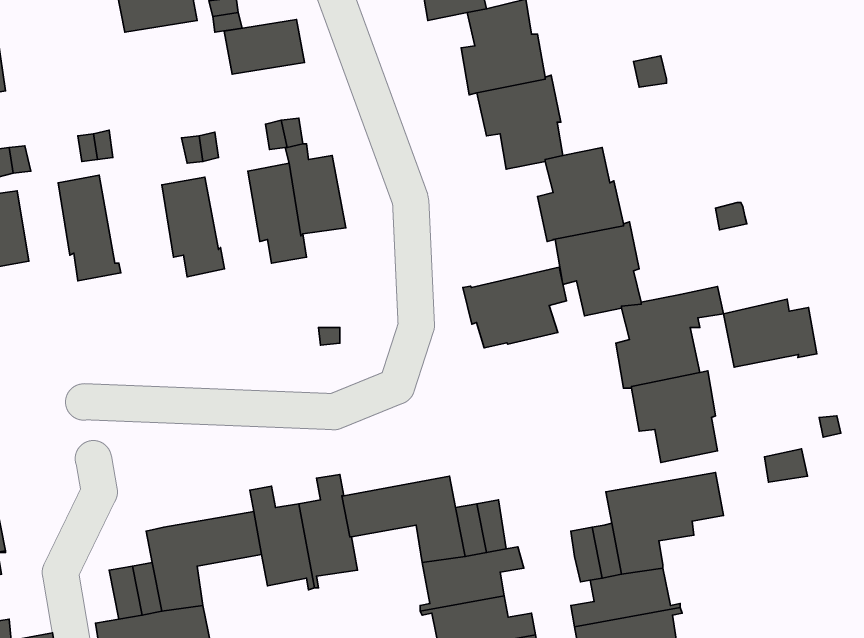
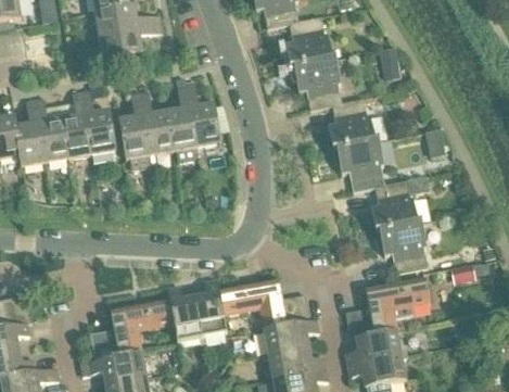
building: [224,19,304,74] -> [98,27,142,58]
building: none -> [84,109,116,162]
building: none -> [142,111,173,154]
building: none -> [38,117,67,161]
building: [463,267,566,348] -> none
building: [723,299,817,367] -> none

